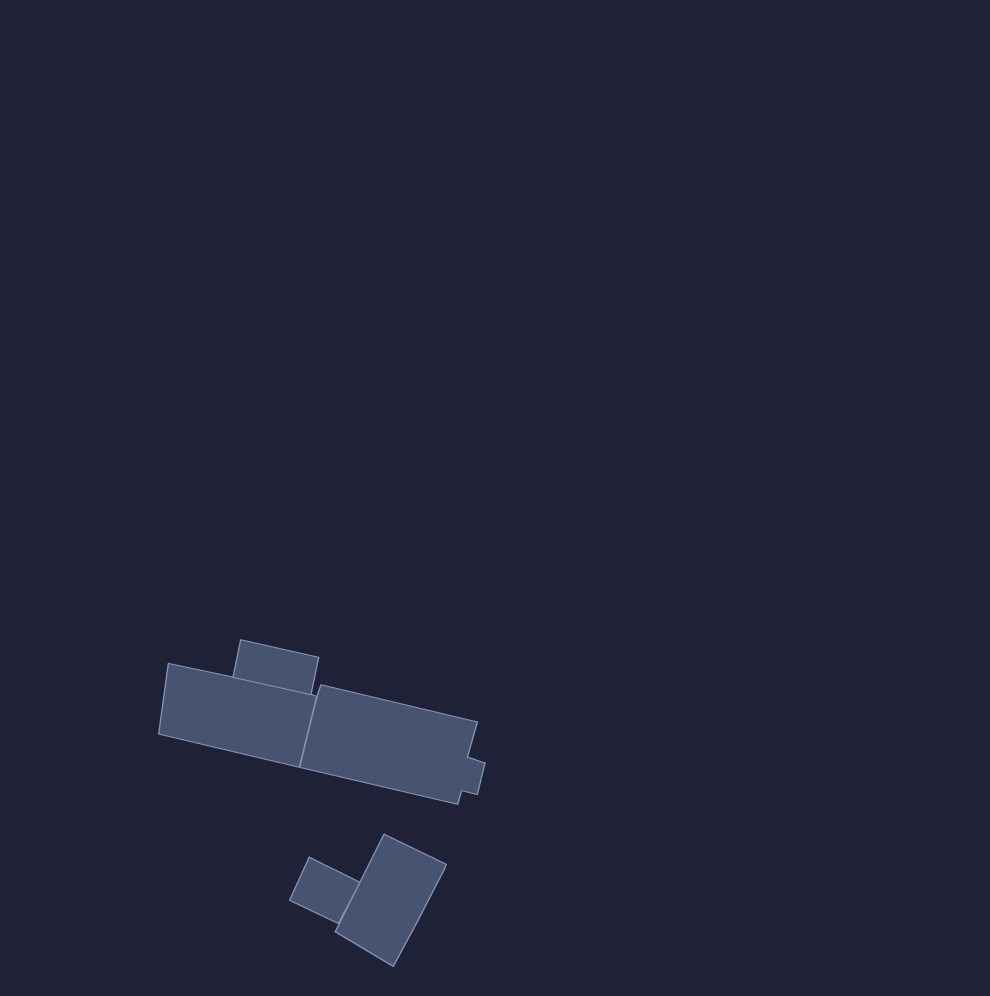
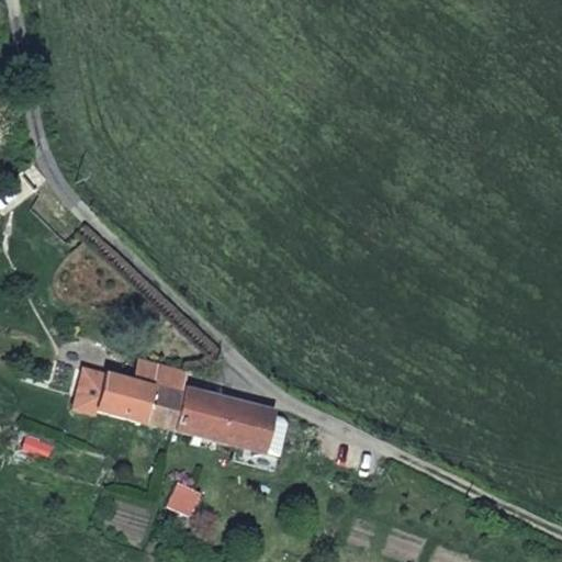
building: none -> [72,370,100,417]
building: [335,834,446,966] -> none

